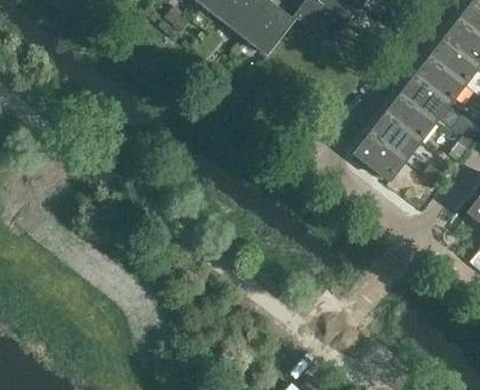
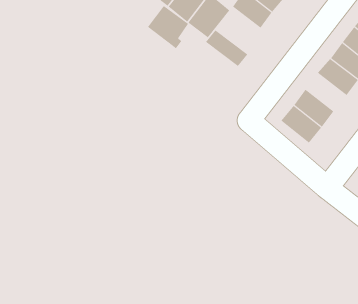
building: none -> [147,5,189,49]
building: none -> [205,29,248,67]
building: [384,96,435,142] -> none

